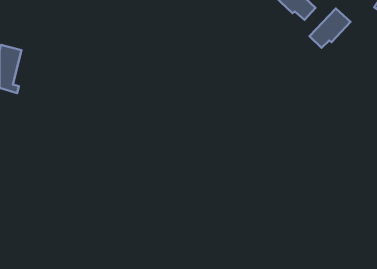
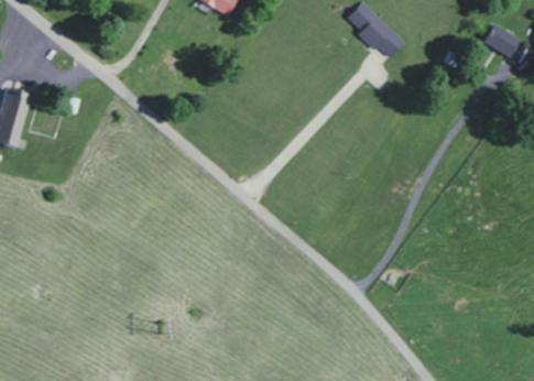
building: [309,8,350,48] -> none

